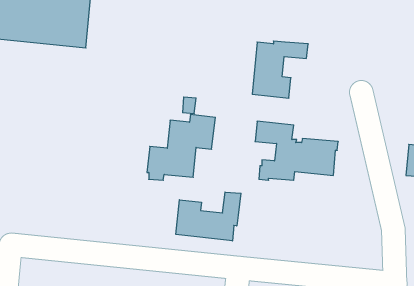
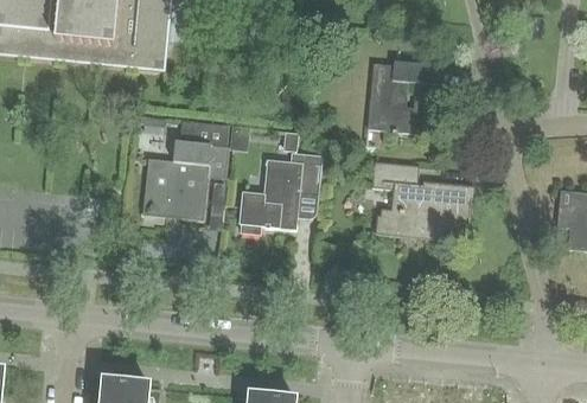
building: none -> [142,127,228,218]
building: [176,192,241,241] -> none

